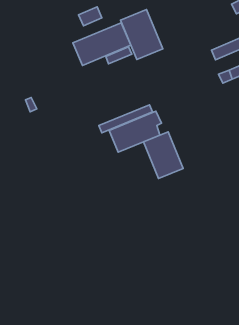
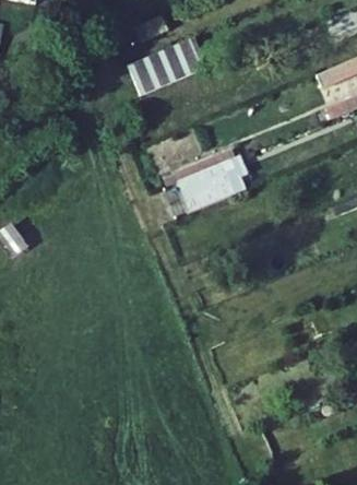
building: [120,10,163,59] -> none
building: [143,132,183,178] -> none

